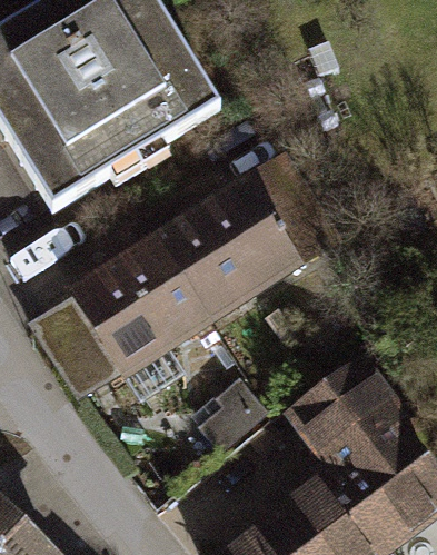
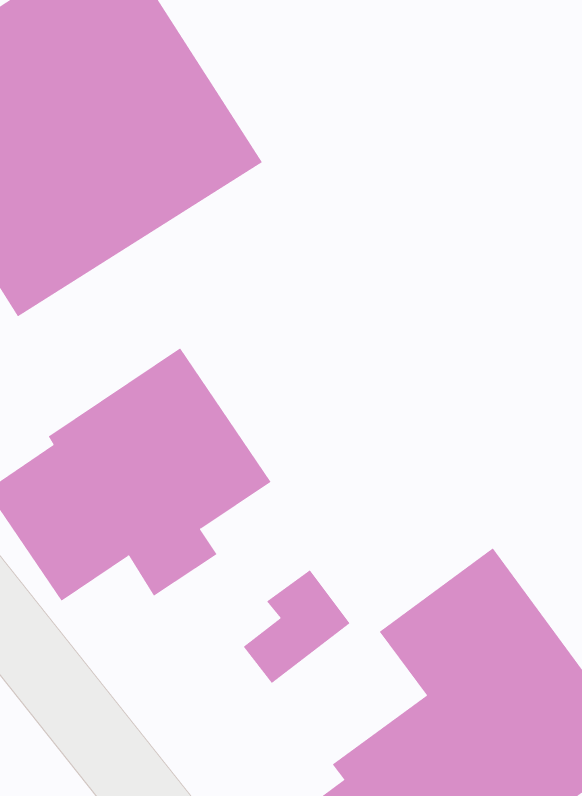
building: [160,152,341,323] -> none

